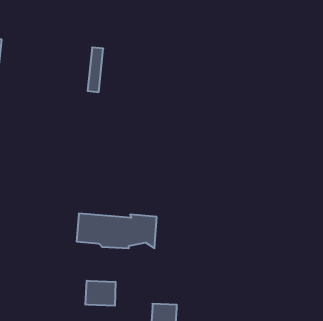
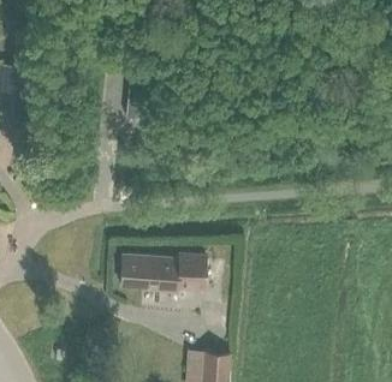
building: [85,281,115,306] -> none

